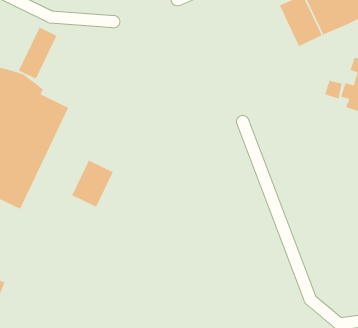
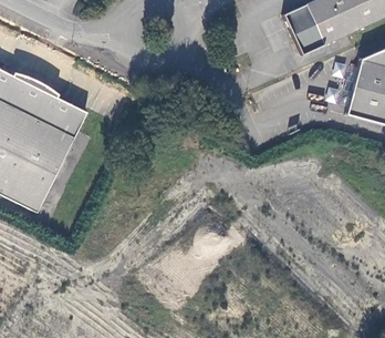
building: [18,27,57,80] -> none
building: [71,159,114,208] -> none

